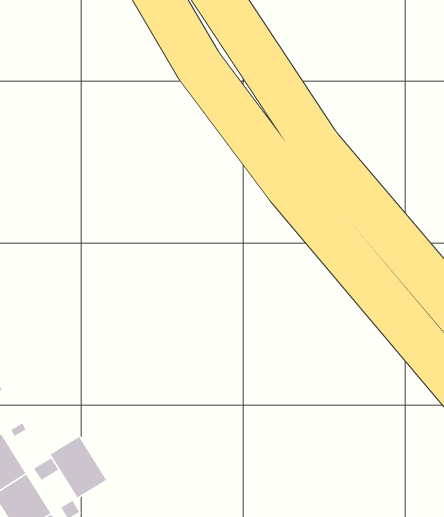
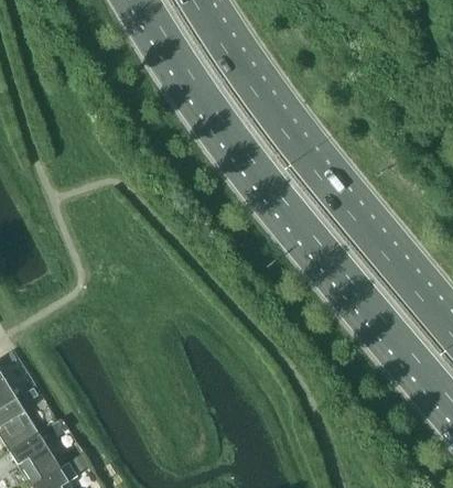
building: [50,436,107,499] -> none

